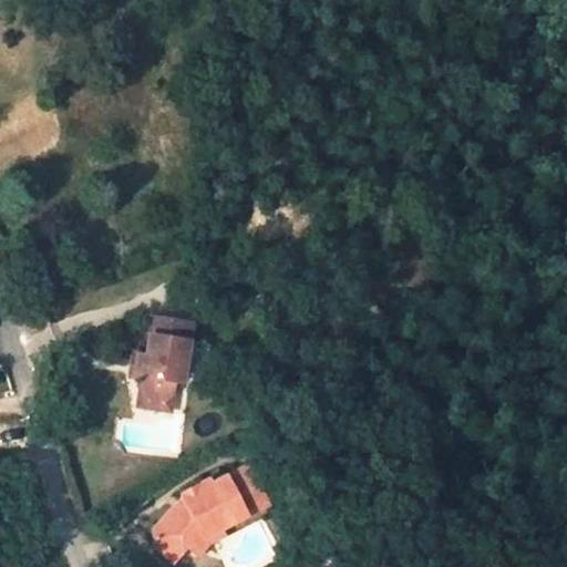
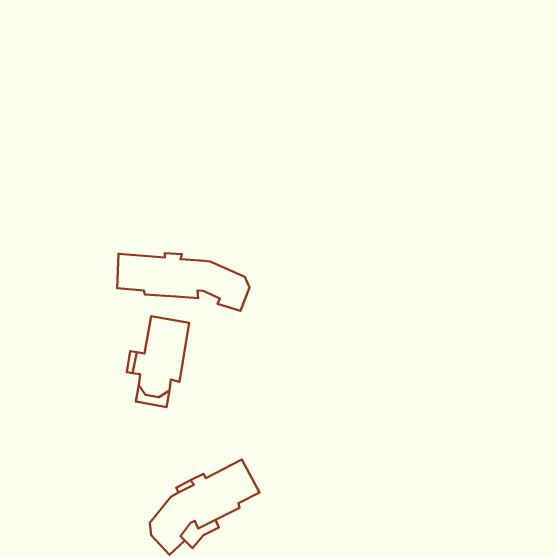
building: none -> [117,253,250,311]

